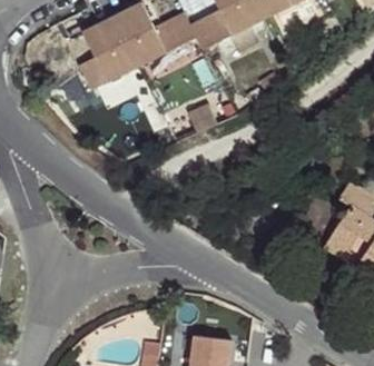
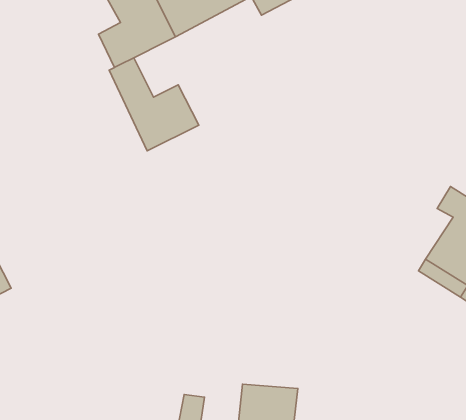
building: none -> [109,58,199,151]

